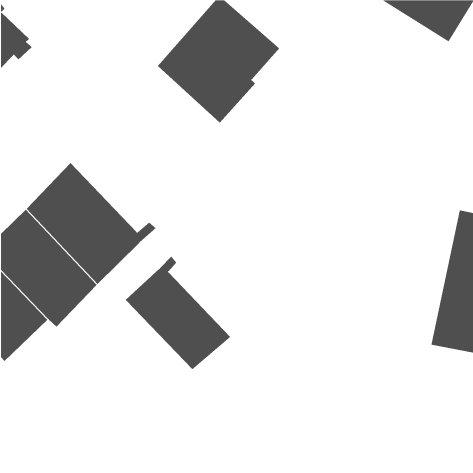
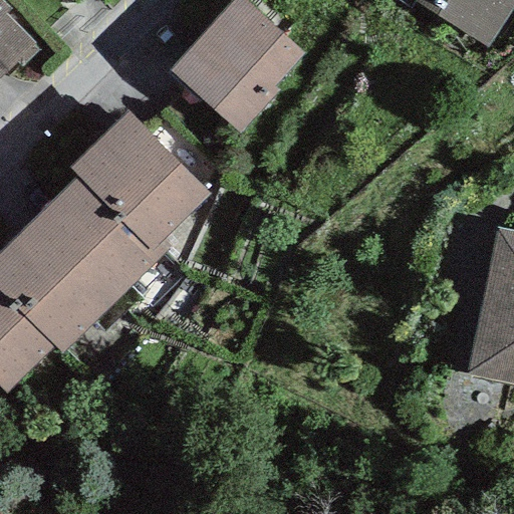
building: none -> [70,110,210,251]
building: [125,255,231,370] -> none

